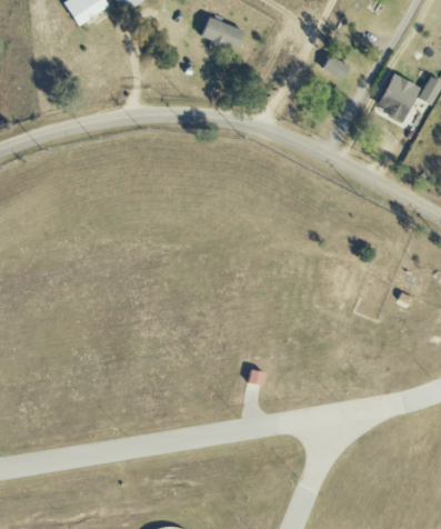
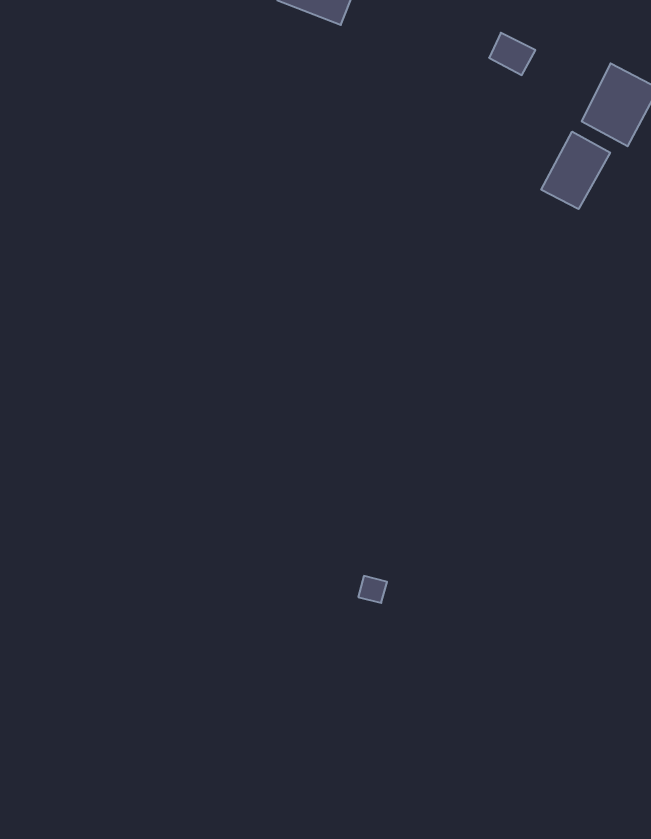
building: none -> [541,132,610,209]

